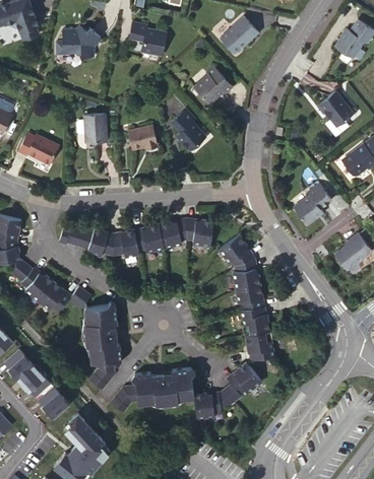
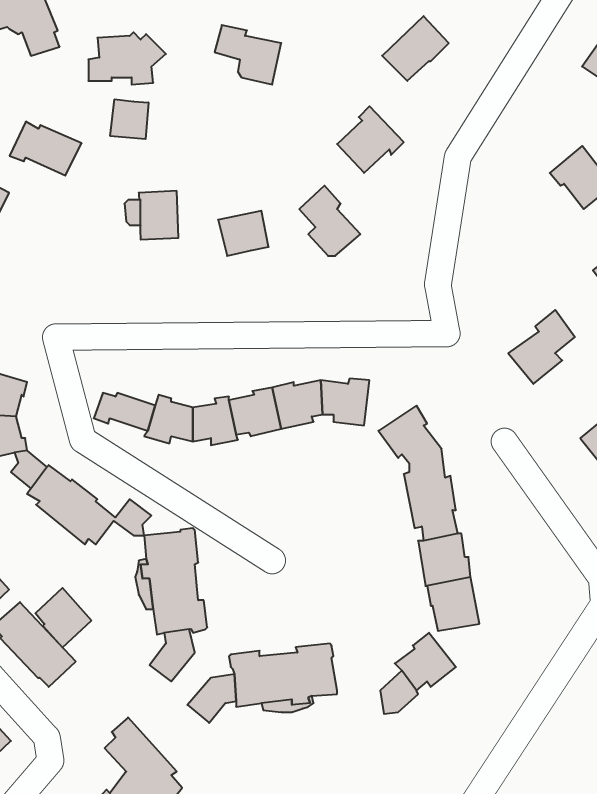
building: none -> [110,99,148,139]
building: [18,133,59,163] -> [10,122,82,176]
building: [37,383,68,416] -> [35,588,91,648]
building: [196,395,224,421] -> none

